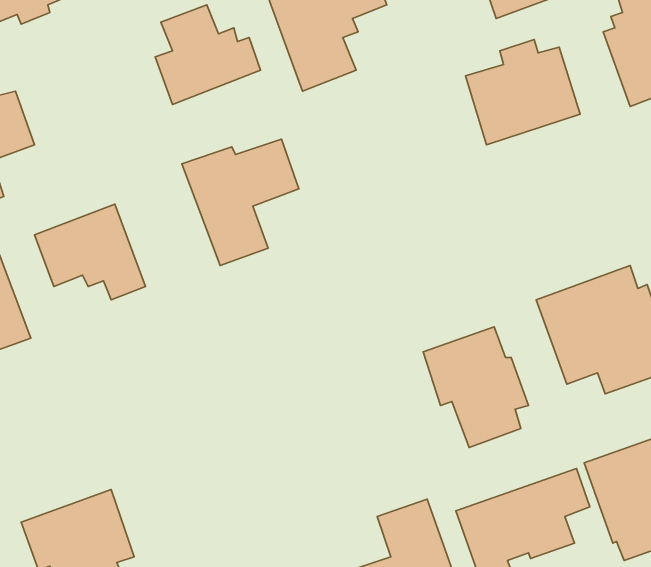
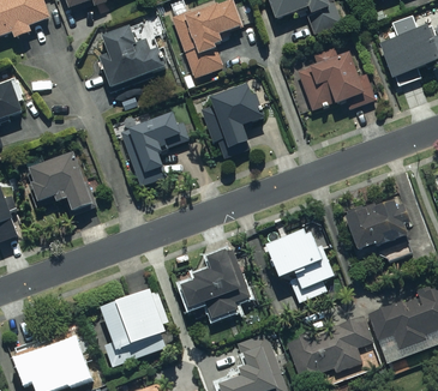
building: none -> [202,80,264,161]
building: none -> [180,247,240,318]
building: none -> [101,287,168,366]

